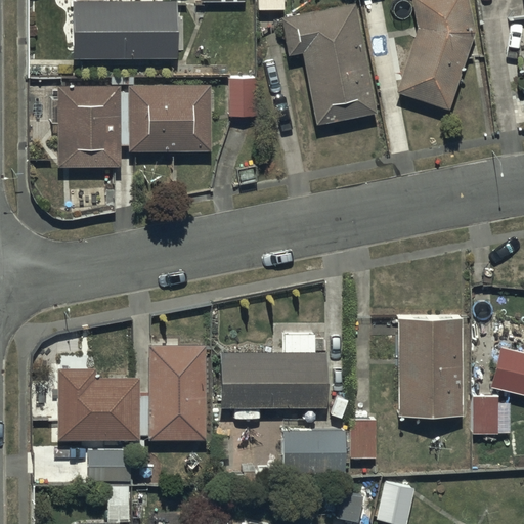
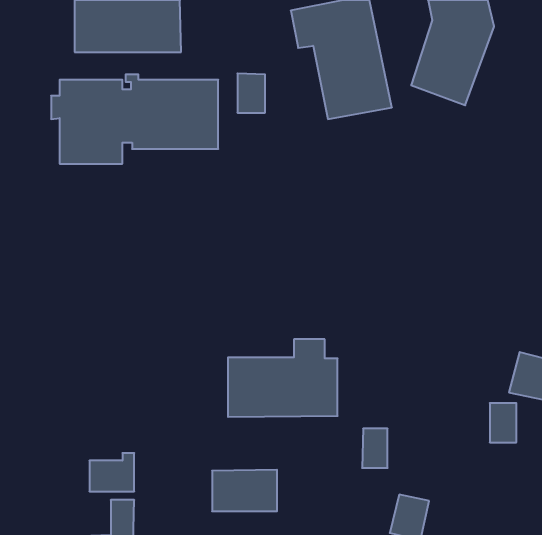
building: [399,318,462,414] -> none
building: [57,345,206,440] -> none
building: [283,433,346,473] -> [212,470,277,511]

